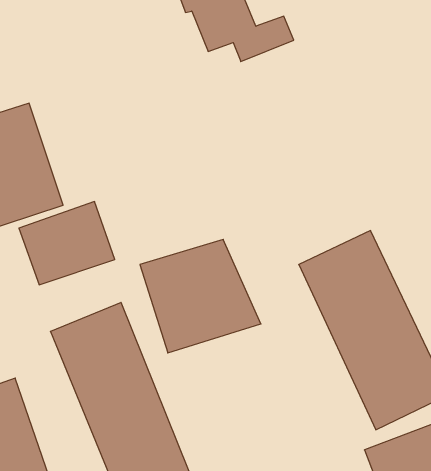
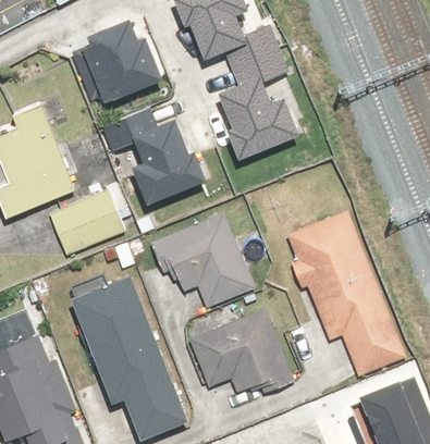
building: none -> [85,17,165,96]
building: none -> [218,47,298,157]
building: none -> [108,109,207,203]
building: none -> [187,307,295,414]

